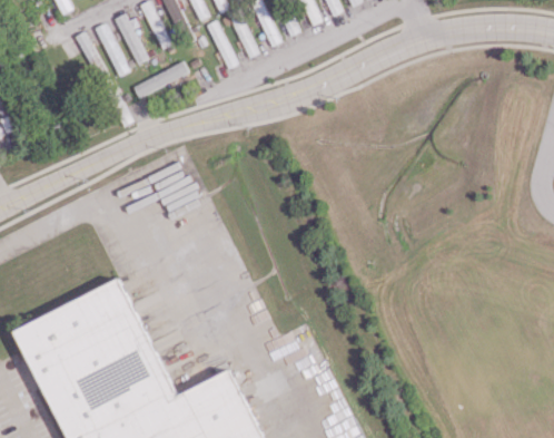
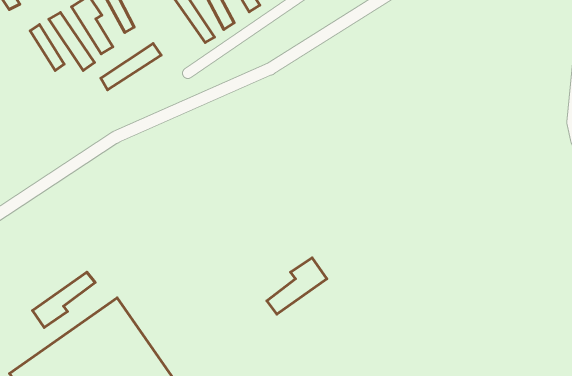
building: none -> [33,272,95,327]
building: none -> [267,258,327,314]

